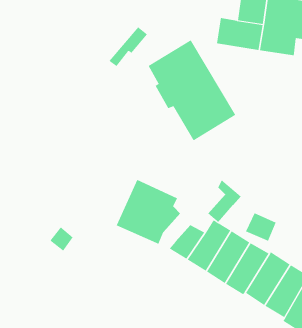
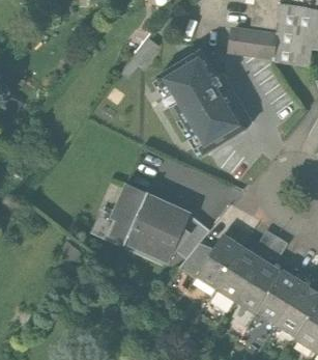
building: none -> [109,185,146,242]
building: [207,180,242,223] -> [174,214,209,258]

